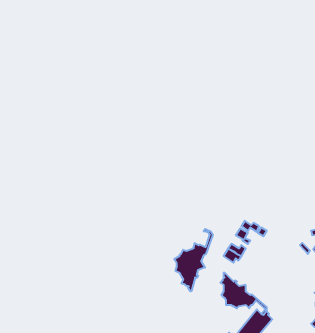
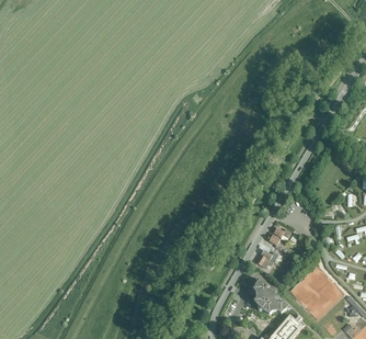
building: [174,229,213,291] -> none

